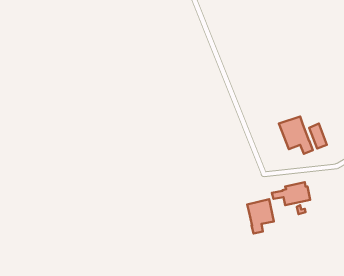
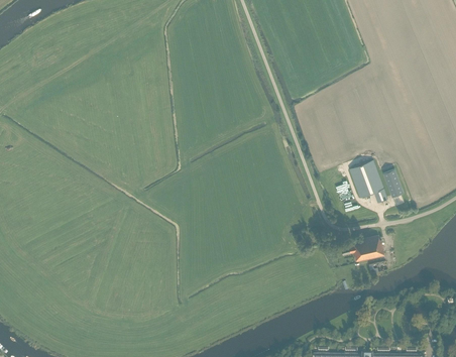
building: [247,199,274,233] -> none

